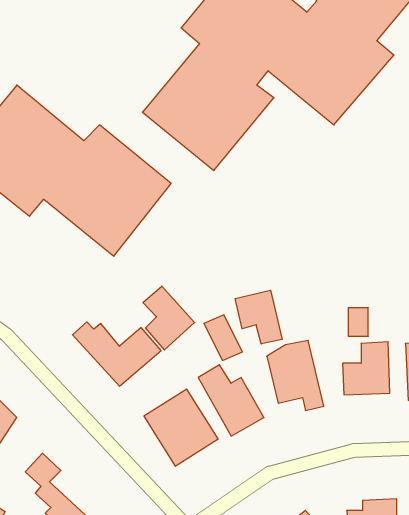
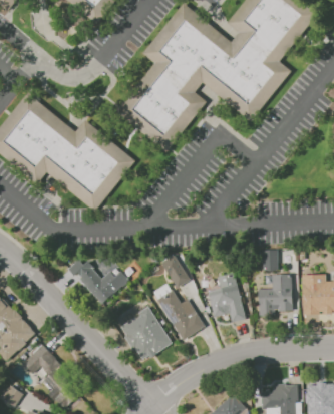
building: [143,286,195,350] -> none
building: [235,290,282,344] -> none

